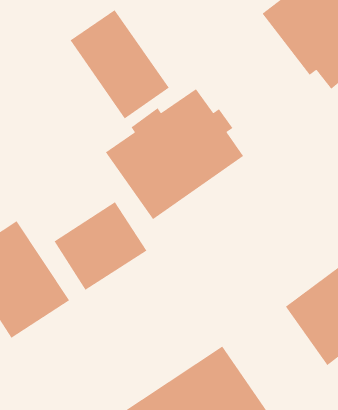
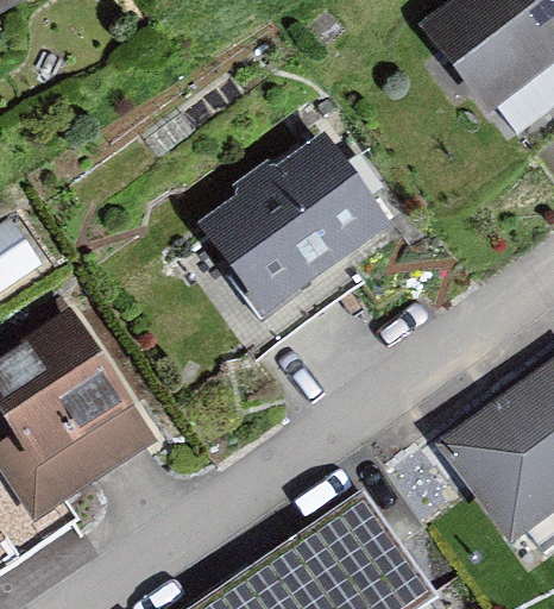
building: [70,9,170,120] -> none
building: [53,201,147,291] -> none

